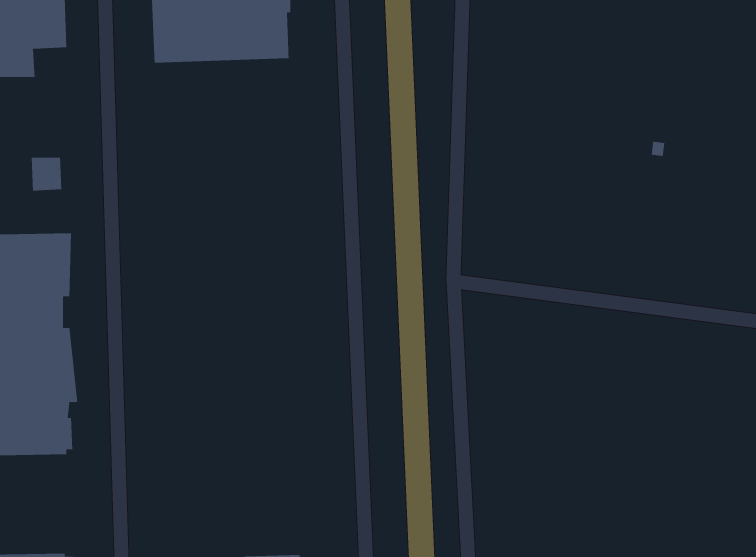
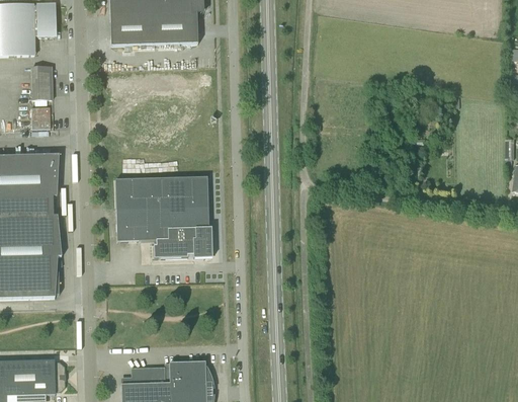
building: none -> [30,66,52,99]
building: none -> [114,176,211,258]

